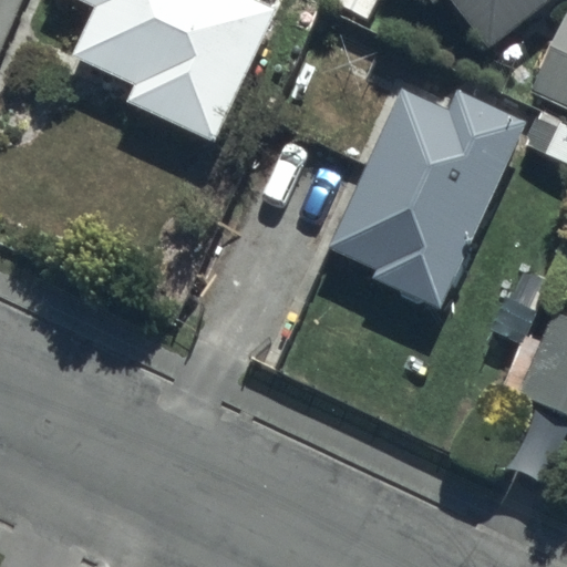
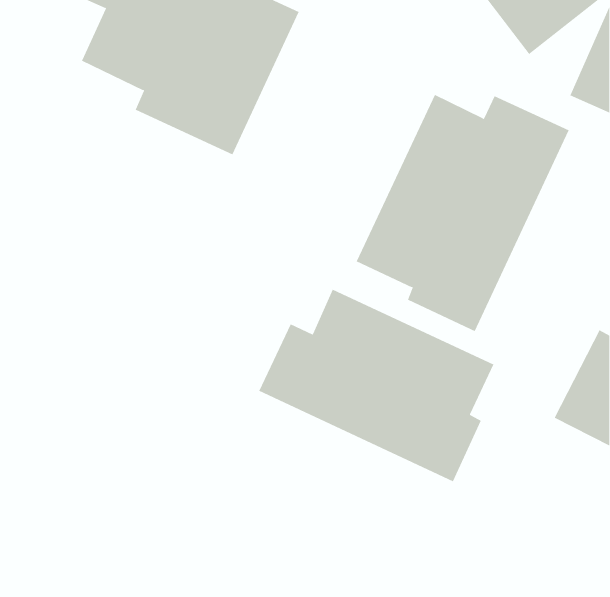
building: none -> [258,289,494,482]

